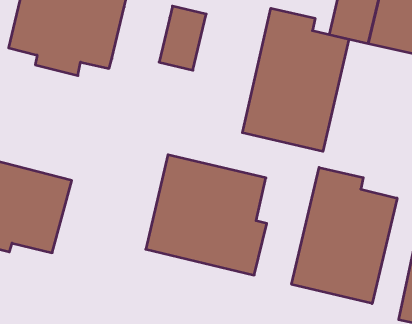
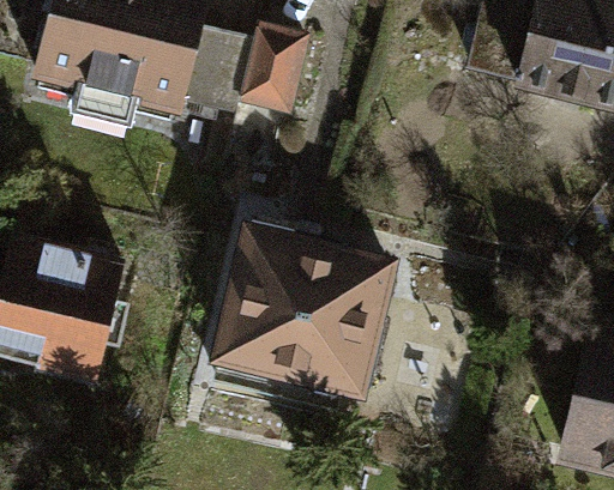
building: none -> [176,35,254,119]
building: [242,8,349,151] -> none
building: [292,167,397,304] -> none

